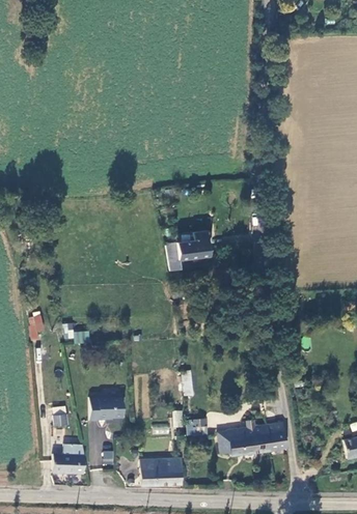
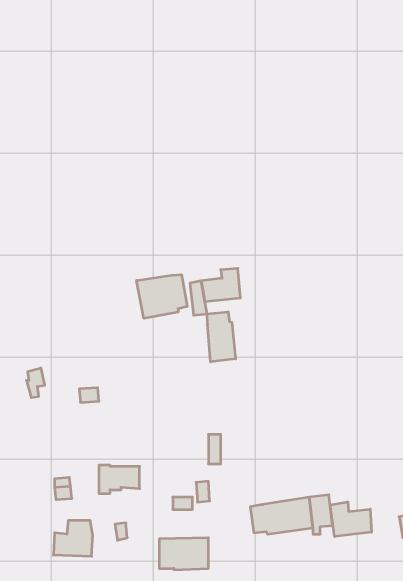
building: none -> [137,275,187,318]
building: none -> [207,312,236,362]
building: none -> [330,502,371,537]

